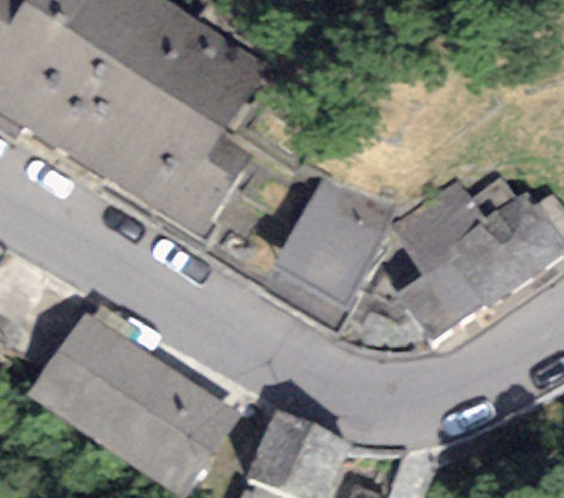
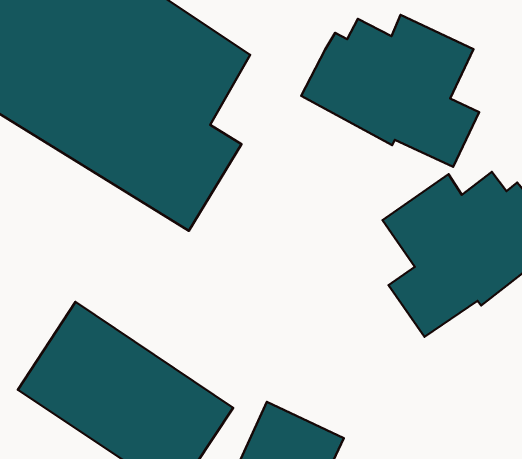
building: none -> [301,15,479,167]
building: [272,171,393,306] -> none

